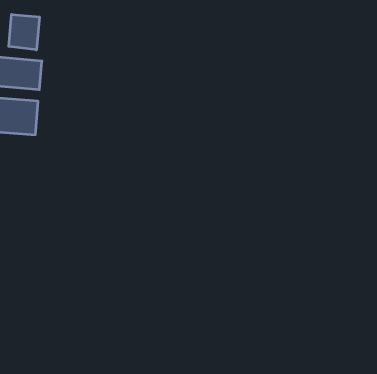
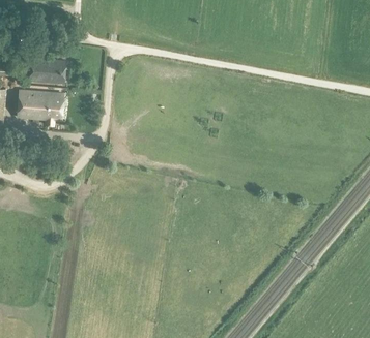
building: [9,14,39,50] -> none

